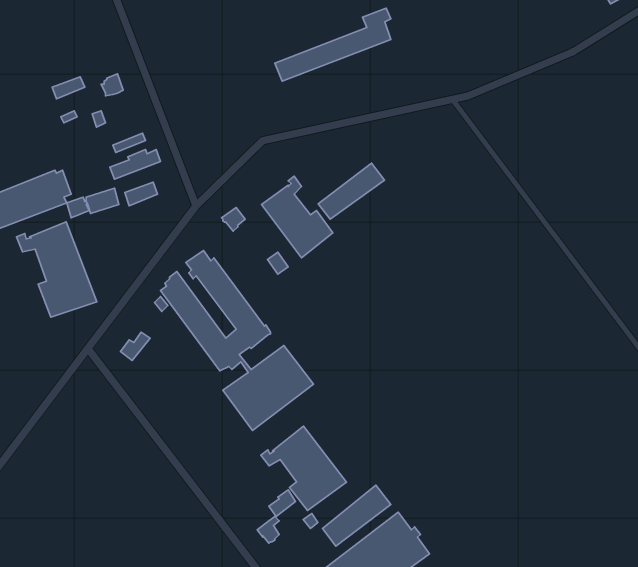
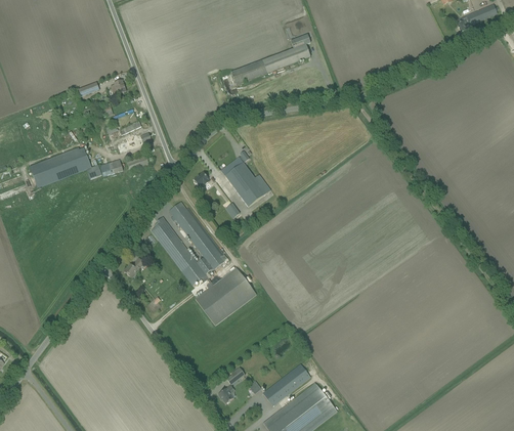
building: [318,163,384,219] -> none
building: [16,222,97,317] -> none
building: [261,426,347,510] -> none

